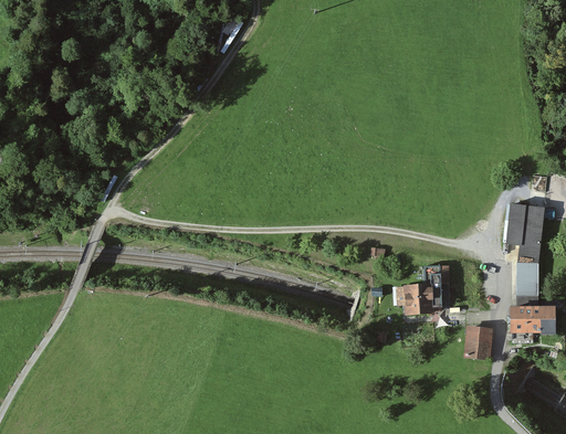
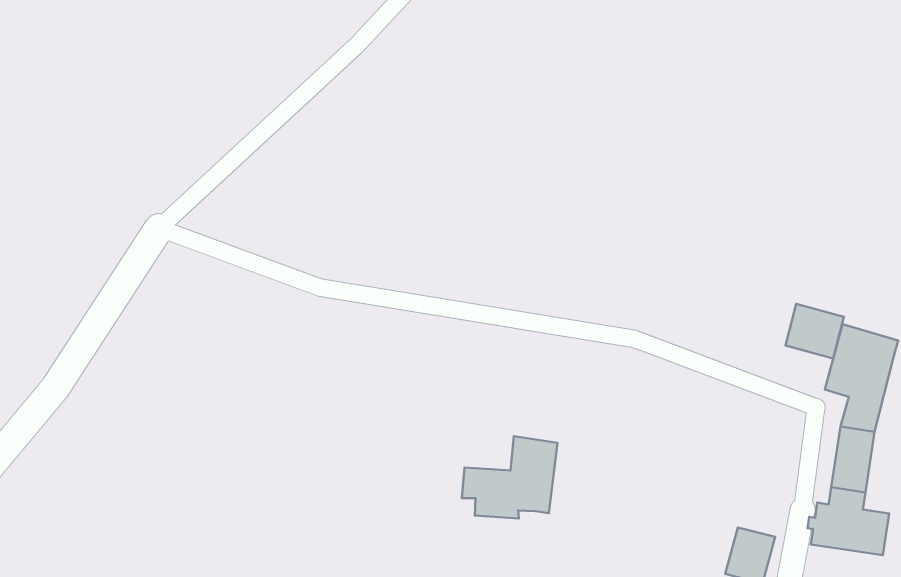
building: none -> [786,304,844,358]
building: [397,265,449,314] -> [462,436,557,518]

